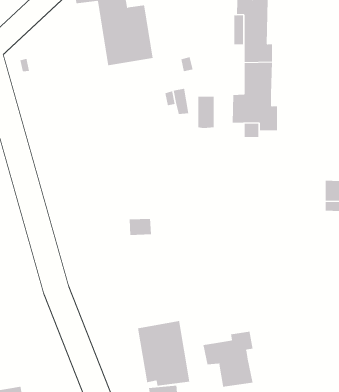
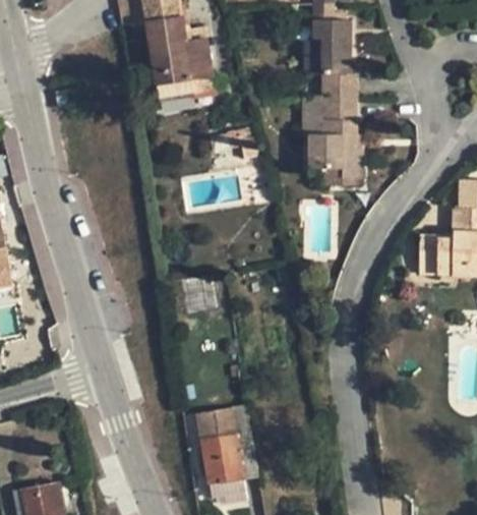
building: [197,96,214,129] -> [301,96,321,134]
building: [203,331,253,388] -> none

